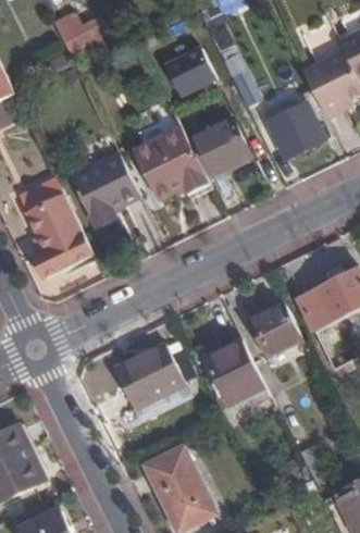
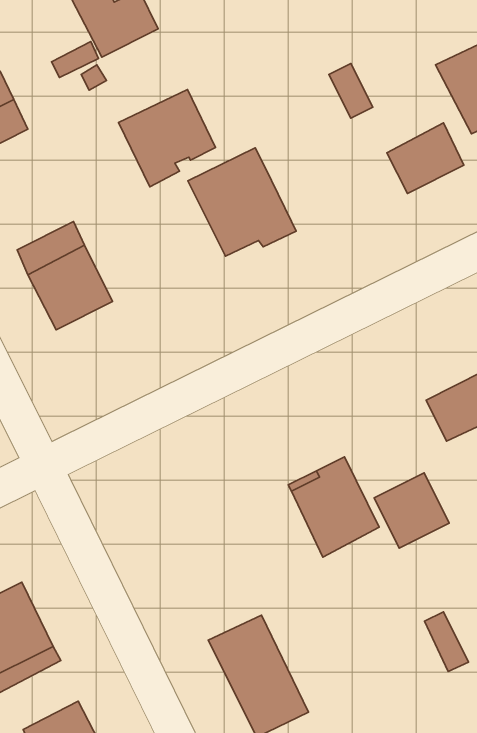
building: [165,42,220,95] -> none
building: [187,115,250,175] -> none
building: [72,154,139,222] -> [118,90,216,187]
building: [32,231,91,276] -> none
building: [249,303,301,356] -> [374,473,449,548]
building: [111,345,183,411] -> none

